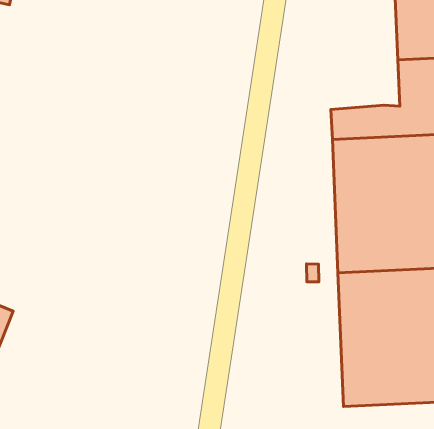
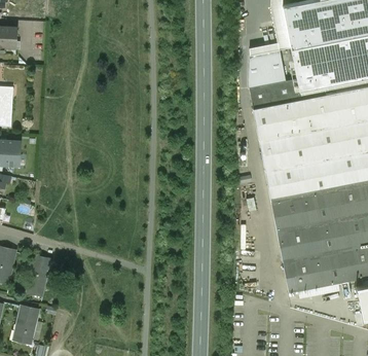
building: none -> [249,50,285,90]

